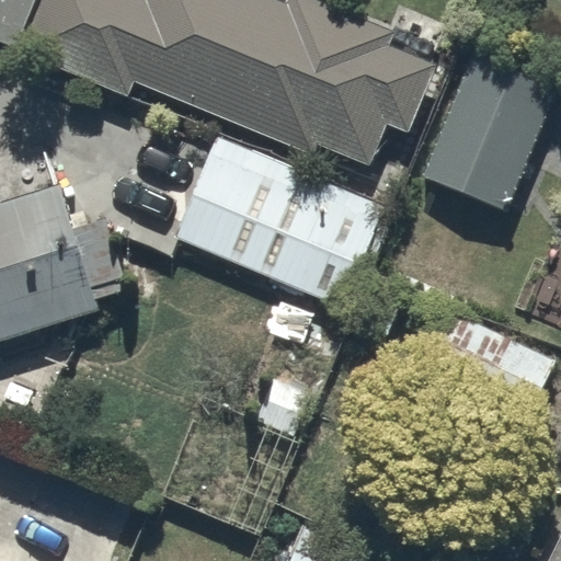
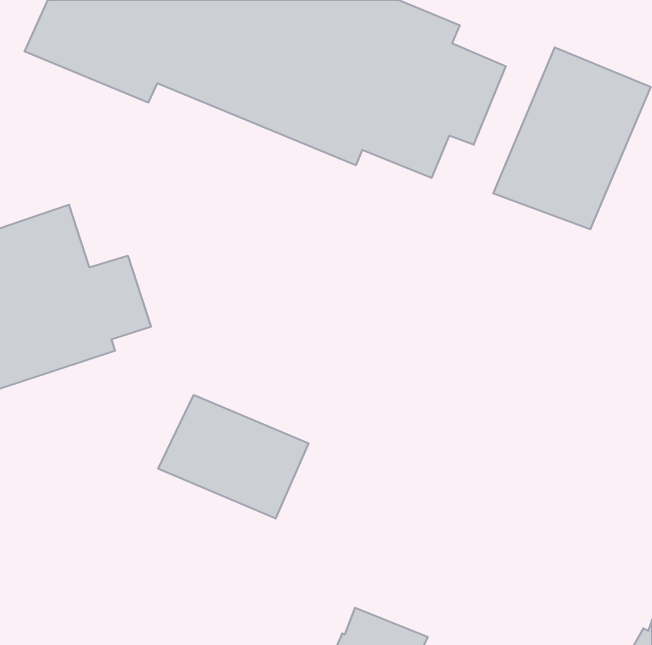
building: [173,135,388,309] -> none
building: none -> [158,395,308,519]

